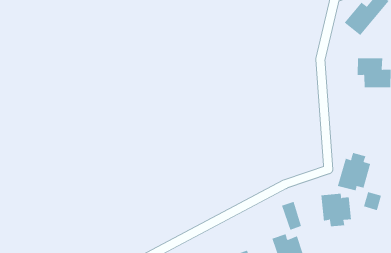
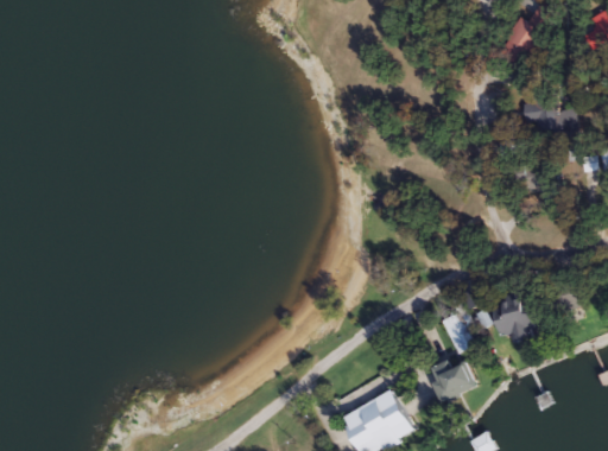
building: [337,152,371,191] -> none

